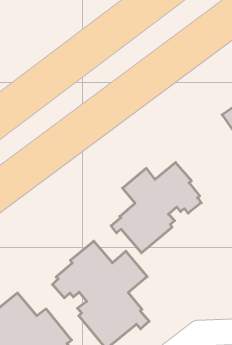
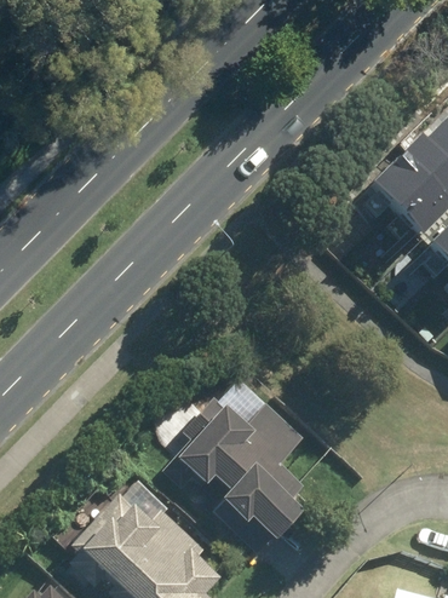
building: [111,162,201,253] -> none

